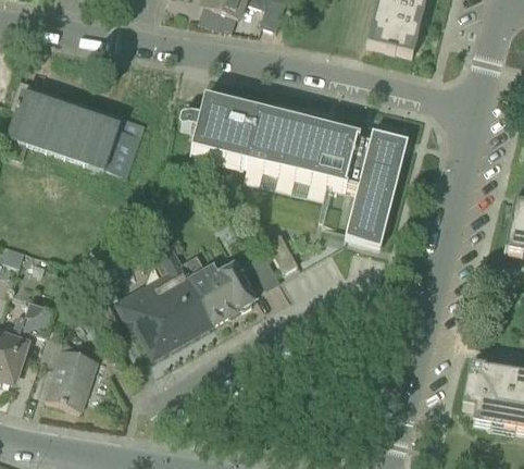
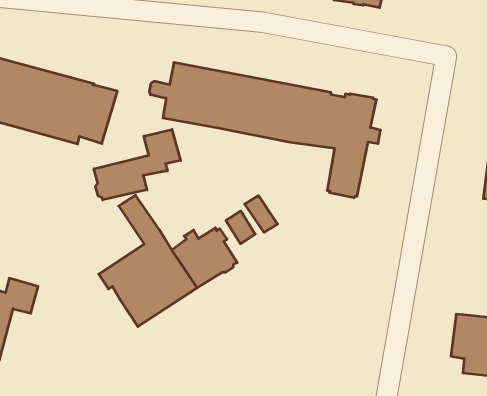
building: none -> [94,129,181,200]
building: [40,311,97,410] -> none

